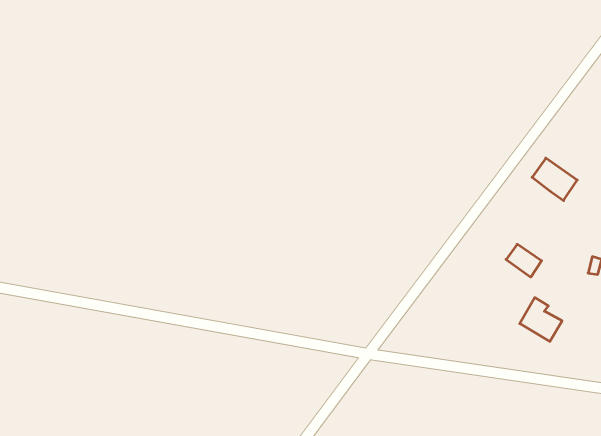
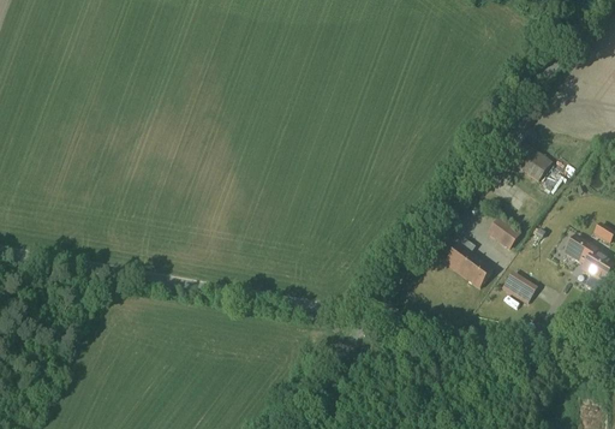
building: none -> [444,238,491,287]

